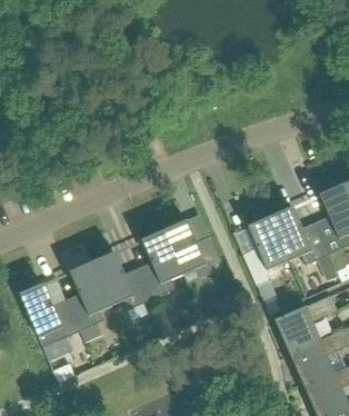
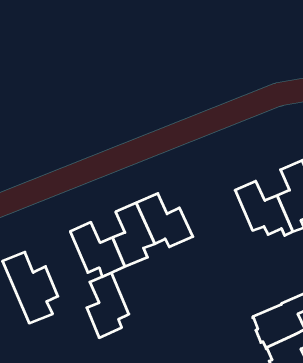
building: [242,216,289,285] -> none
building: [66,260,111,330] -> [87,273,129,338]
building: [273,294,338,353] -> none

